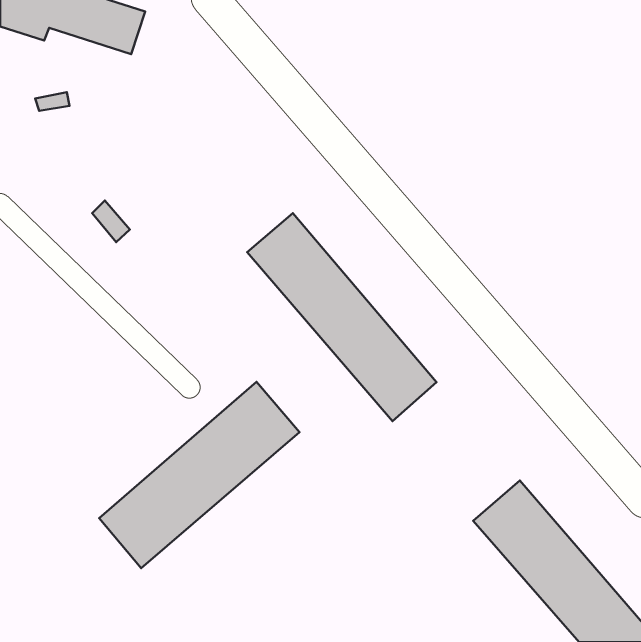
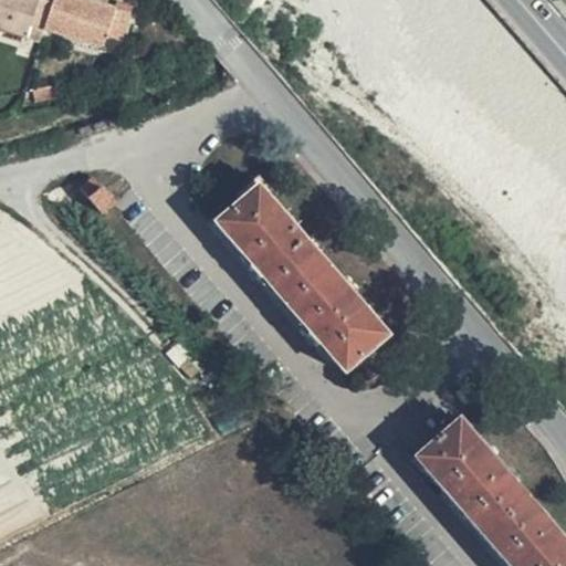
building: [99,382,300,568] -> none

